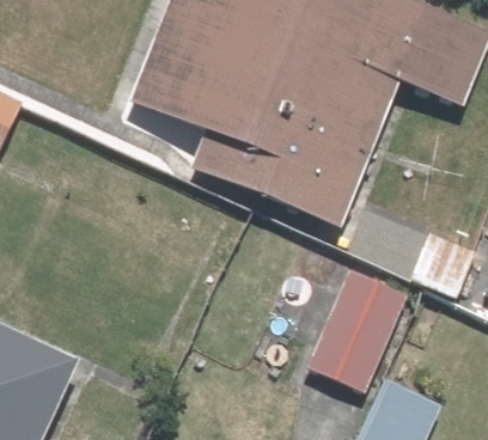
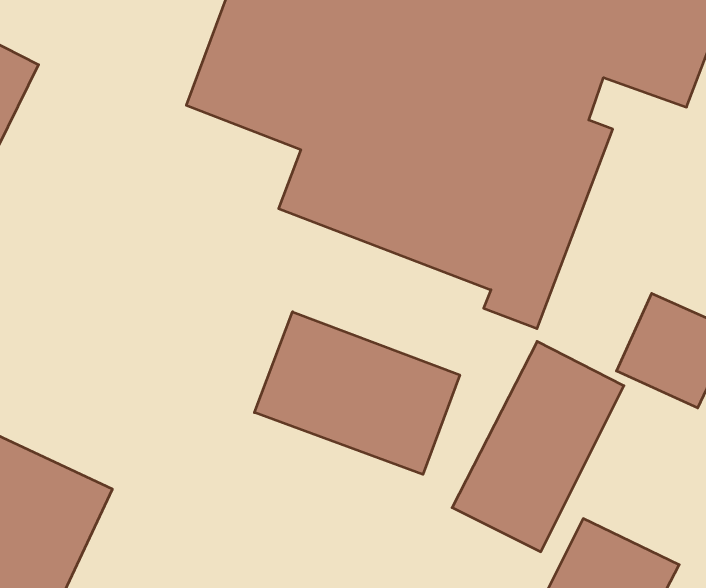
building: none -> [254,312,460,474]

